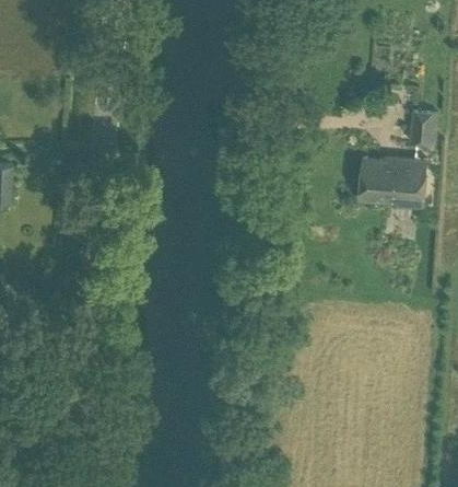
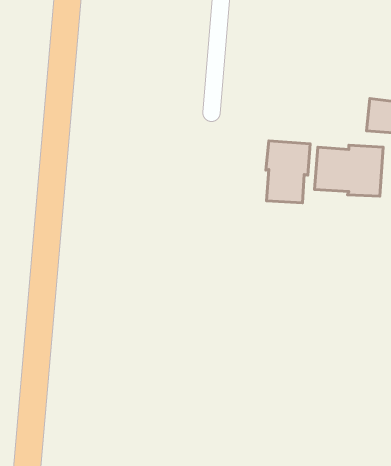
building: none -> [266,141,310,203]

